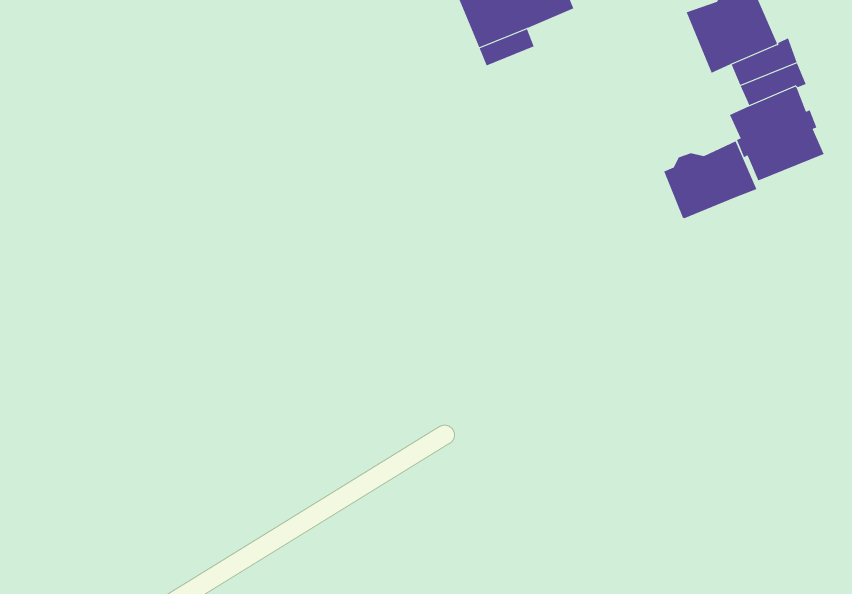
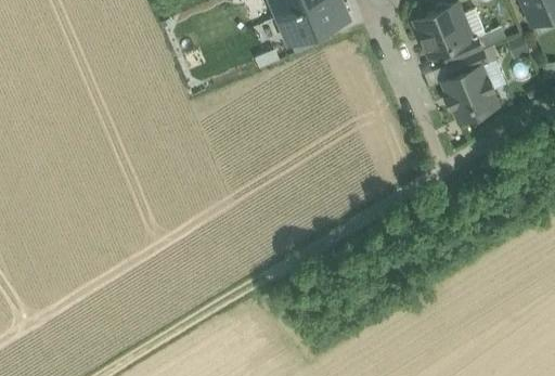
building: [664,140,757,219] -> none

